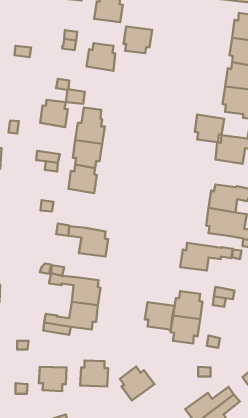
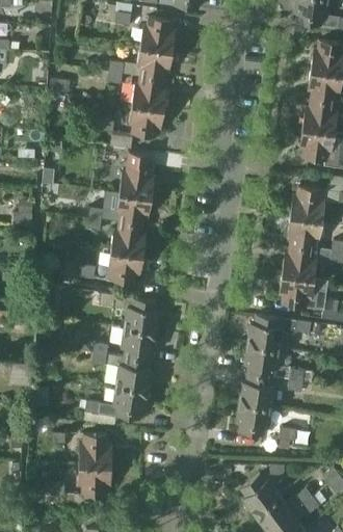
building: [124,26,152,53] -> [141,47,176,79]
building: none -> [132,104,167,138]
building: [40,100,68,127] -> none
building: [195,114,224,142] -> [287,215,322,248]
building: none -> [110,250,144,283]
building: none -> [124,327,158,360]
building: [145,302,174,330] -> [244,344,280,377]
building: [80,360,108,386] -> [79,433,112,464]
building: [120,367,154,401] -> [239,474,281,514]

